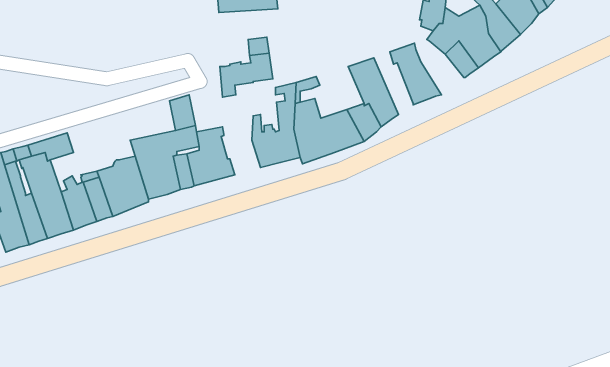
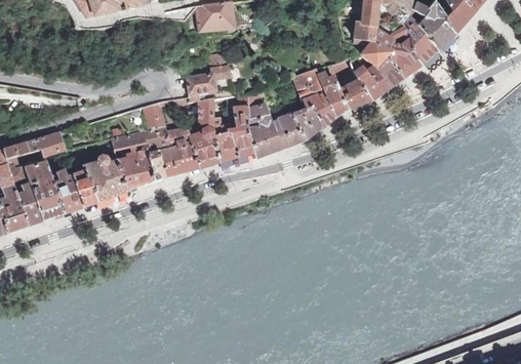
building: none -> [350,56,390,102]
building: none -> [315,66,348,118]
building: none -> [186,98,221,168]

